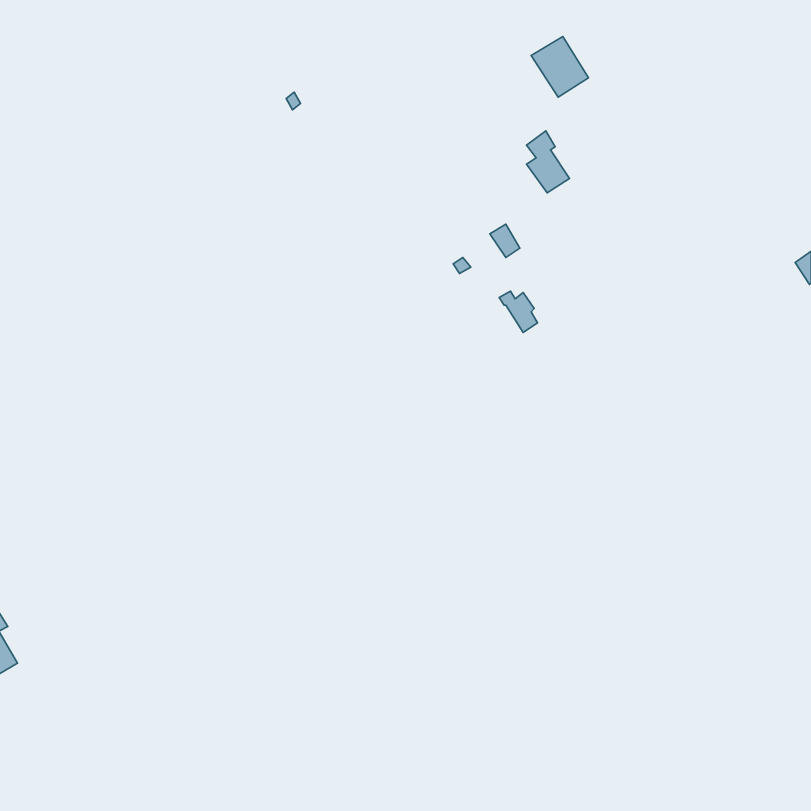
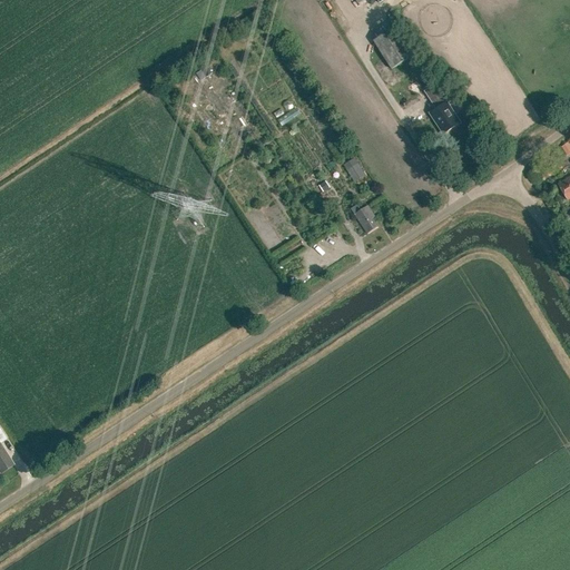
building: [527,131,570,193] -> [429,89,459,132]

